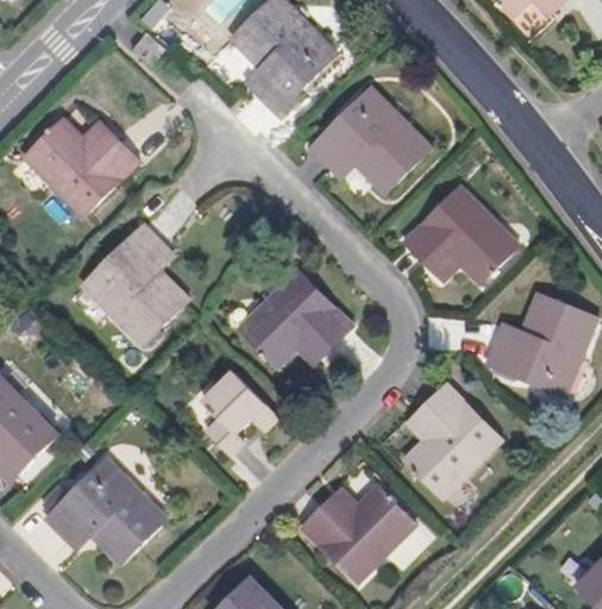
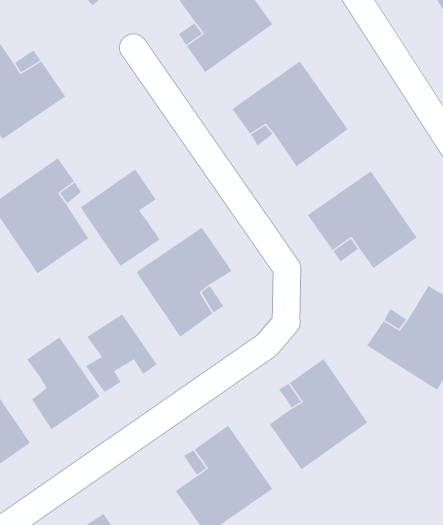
building: none -> [80,169,161,267]
building: none -> [26,337,101,430]

